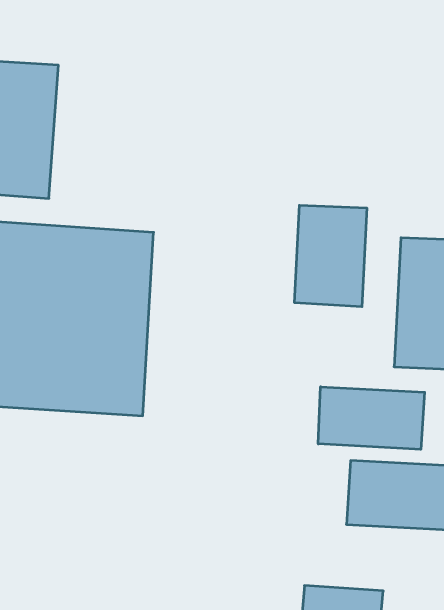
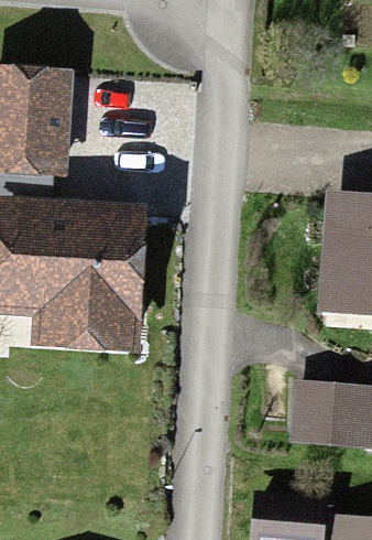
building: [295,205,367,307] -> none
building: [318,387,425,449] -> none

